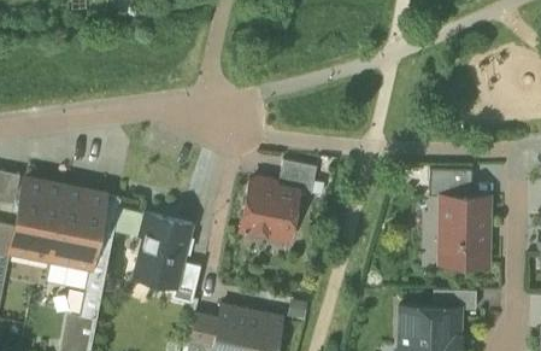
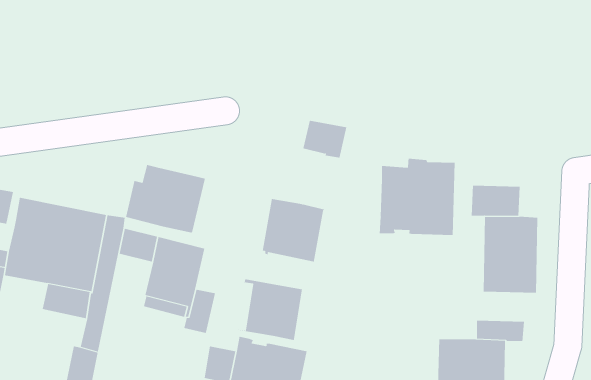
building: none -> [379,158,455,236]
building: none -> [126,164,205,233]
building: [277,160,317,194] -> [303,120,347,158]
building: none -> [236,279,303,341]

